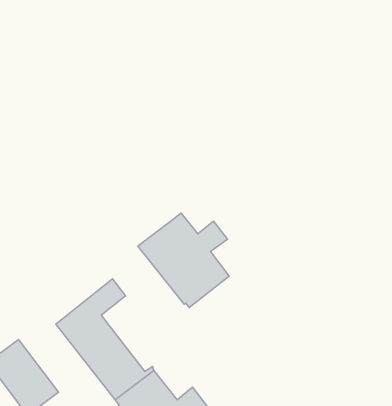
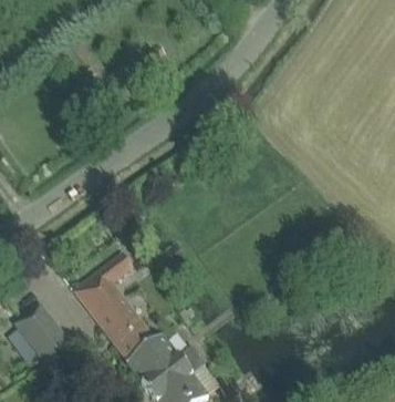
building: [138,213,229,307] -> none

